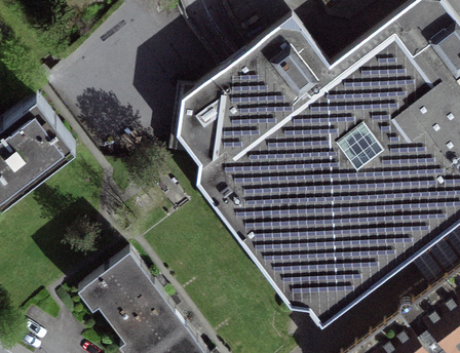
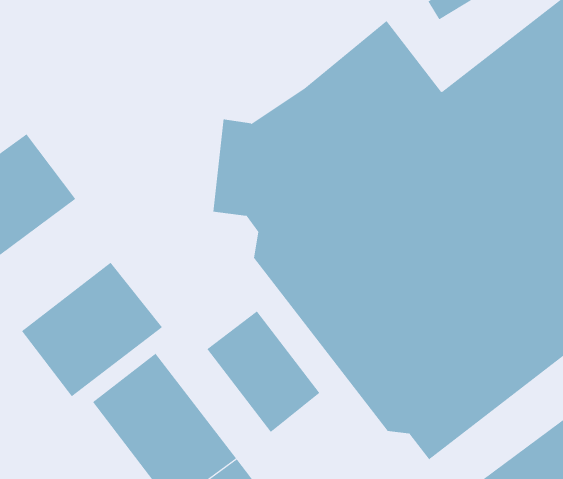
building: none -> [21,262,163,397]
building: none -> [206,311,320,433]

